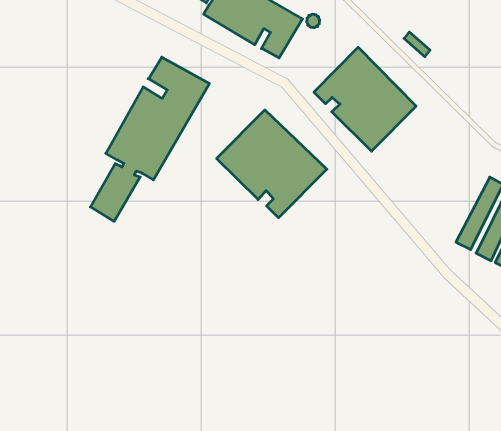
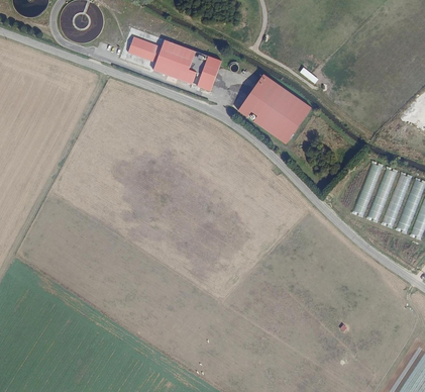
building: [90,57,209,221] -> none
building: [217,110,327,218] -> none

